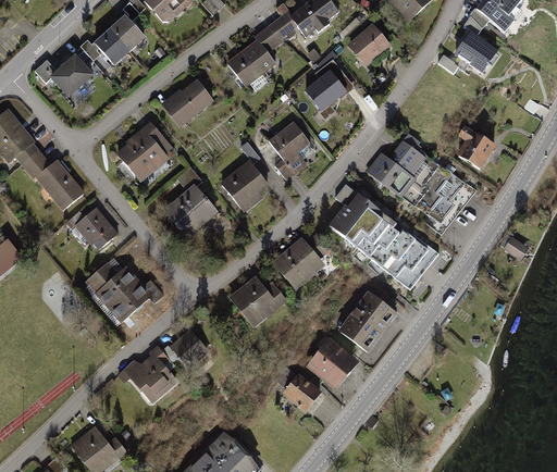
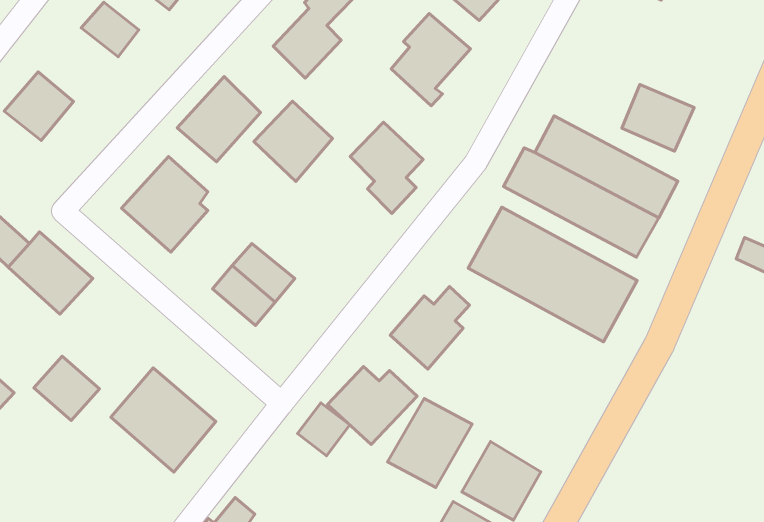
building: [91,28,128,65] -> none
building: [220,161,271,213] -> [254,101,333,182]
building: [77,208,120,250] -> [34,356,100,420]
building: [336,293,395,351] -> [388,399,472,488]
building: [174,331,209,365] -> [297,403,350,456]

